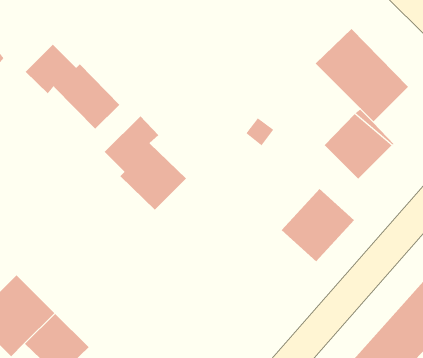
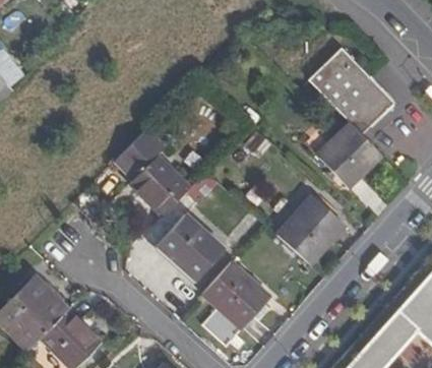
building: [25,44,120,130] -> none
building: none -> [158,213,226,280]
building: none -> [202,260,271,328]

